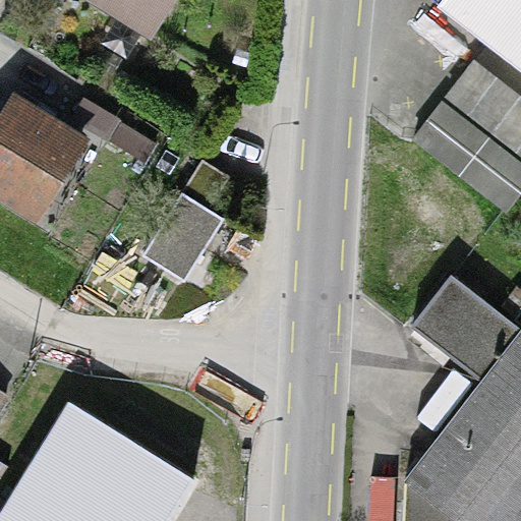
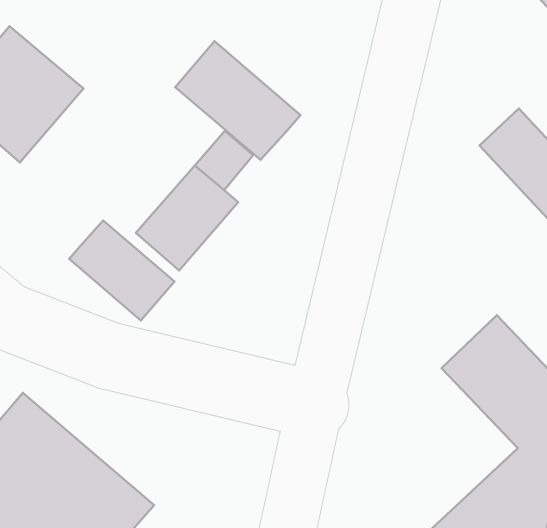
building: none -> [175,41,300,160]
building: none -> [69,221,174,321]

